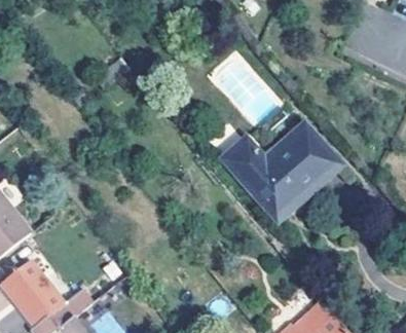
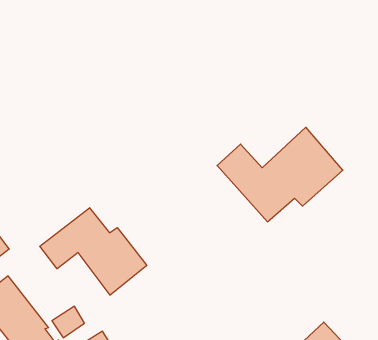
building: none -> [40,208,147,295]

